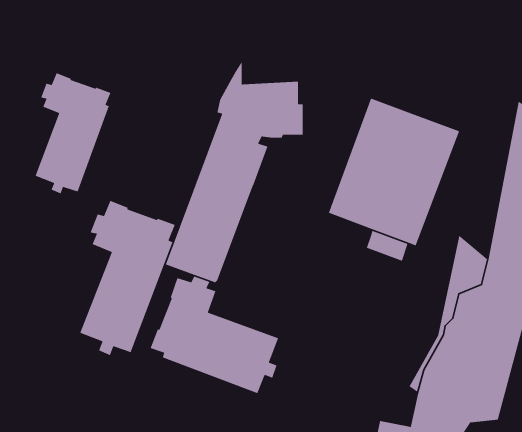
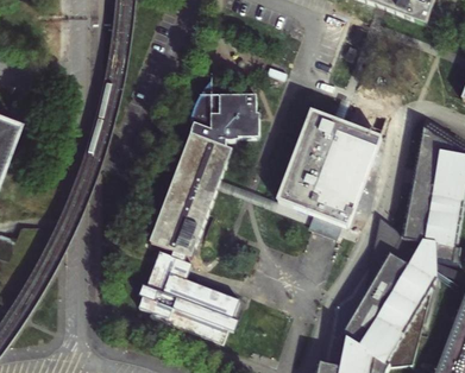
building: [35,72,111,195] -> none
building: [79,200,176,356] -> none

